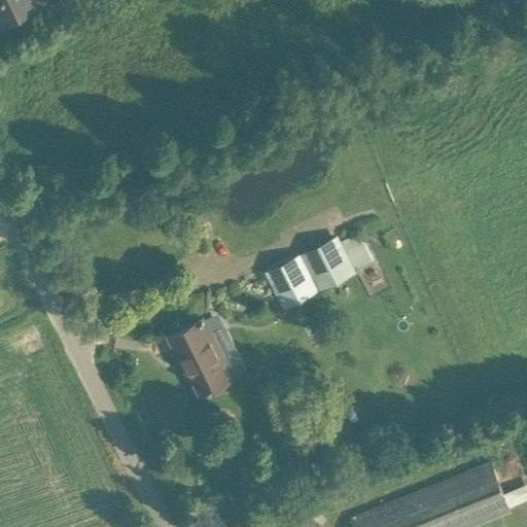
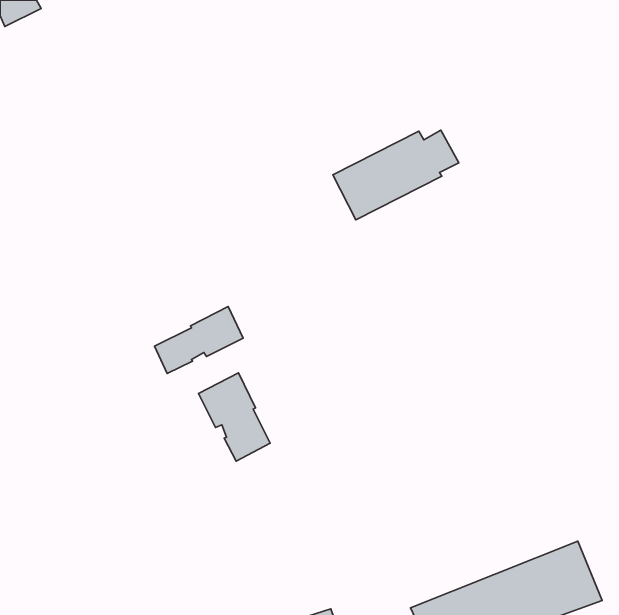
building: [264,235,371,311] -> [333,130,459,220]
building: none -> [155,307,243,374]

